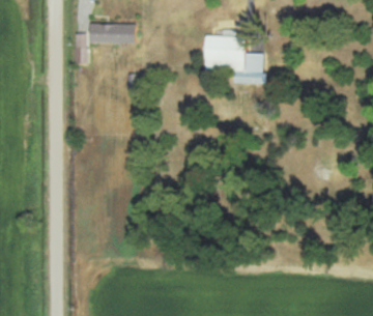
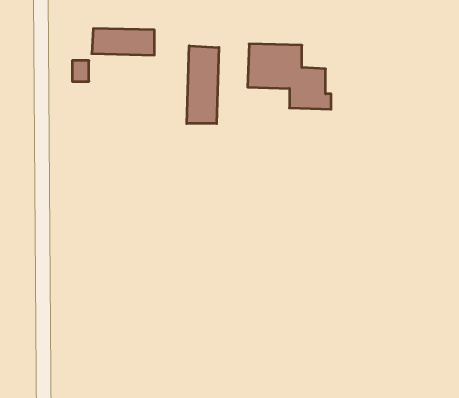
building: none -> [187,46,219,124]

